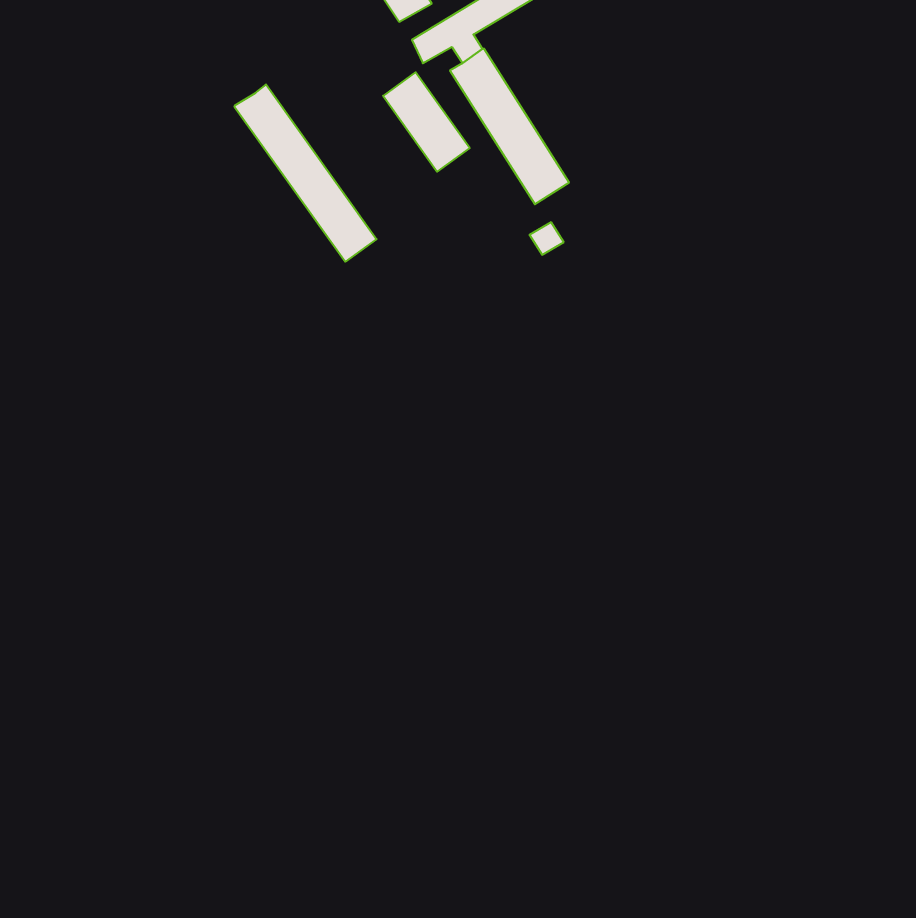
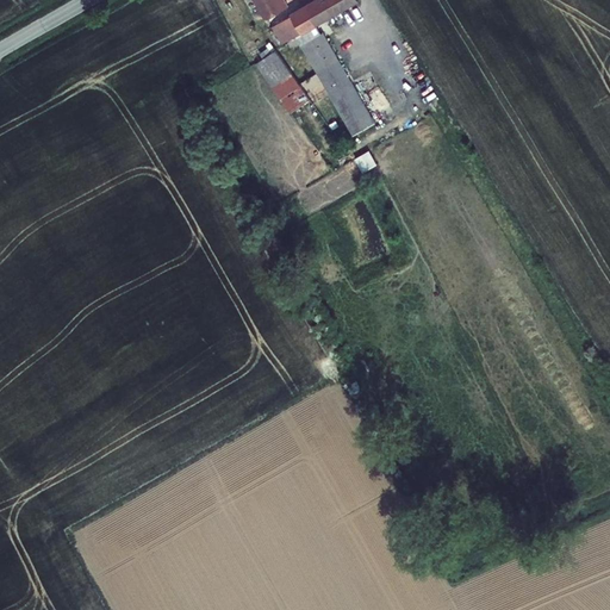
building: [235,84,377,262] -> none

